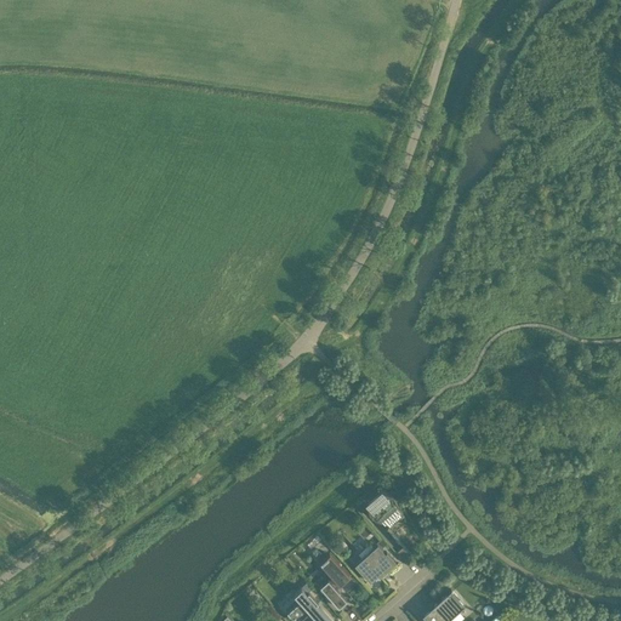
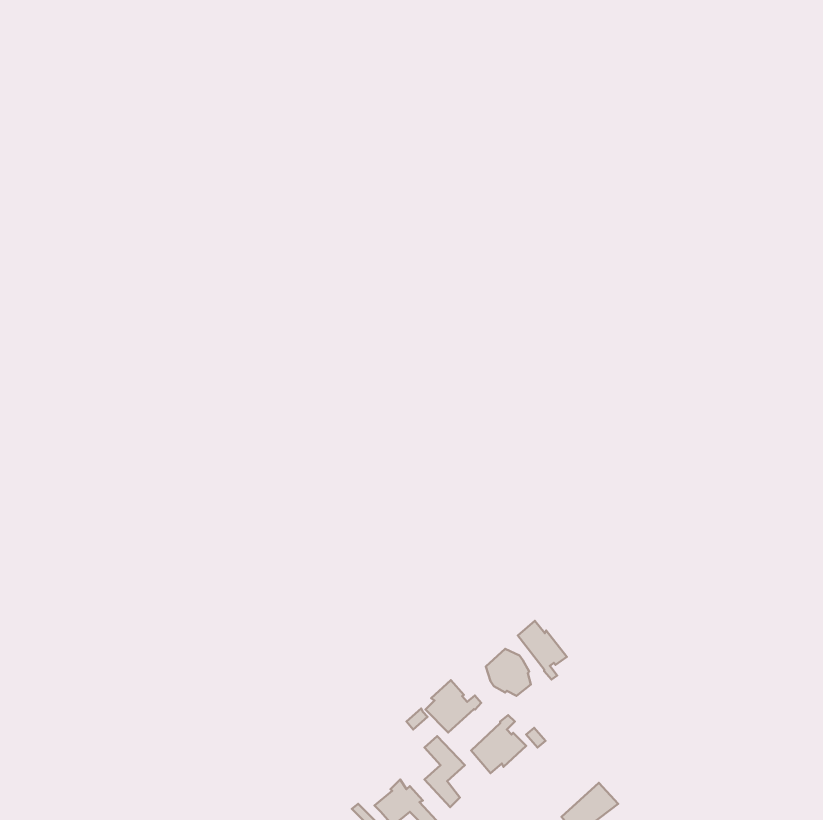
building: none -> [518,621,567,680]
building: none -> [425,680,481,733]

